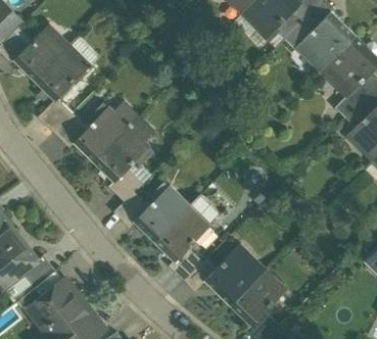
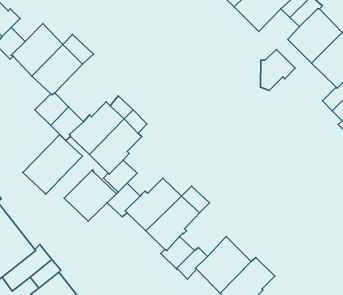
building: none -> [261,49,295,90]
building: none -> [23,135,83,194]
building: none -> [64,170,116,221]

